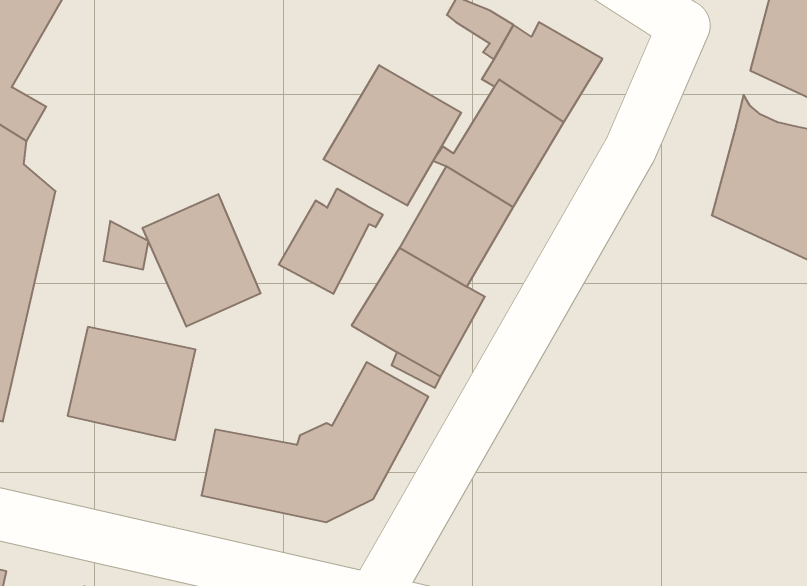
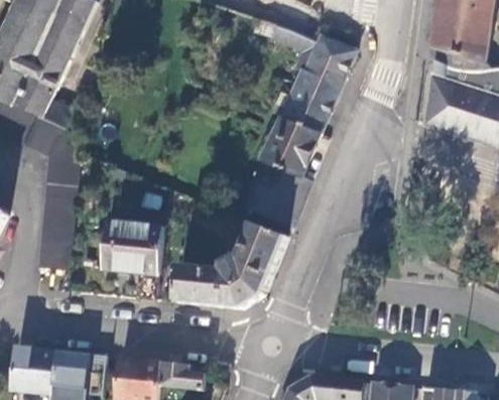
building: [323,65,461,206] -> none
building: [279,189,383,294] -> none
building: [143,194,261,327] -> none

